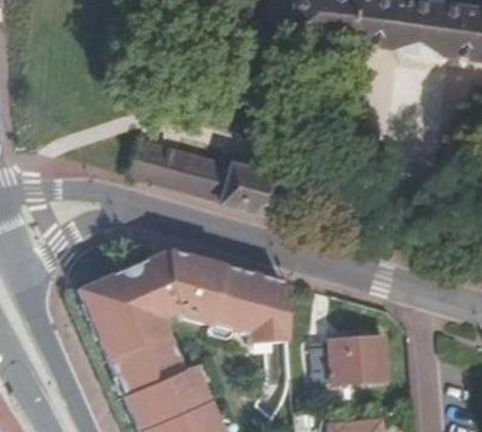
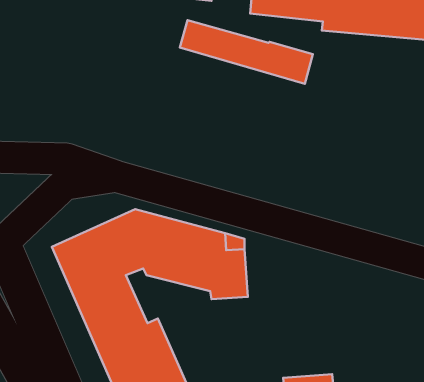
building: [137,146,278,214] -> [180,20,313,84]
building: [313,339,389,387] -> none

